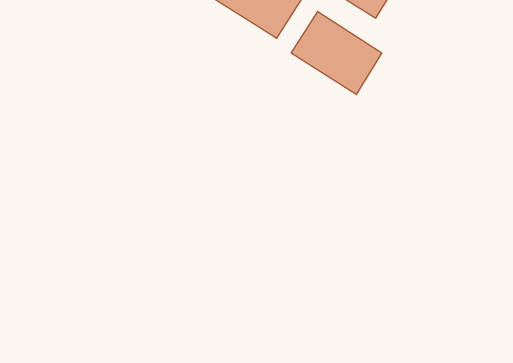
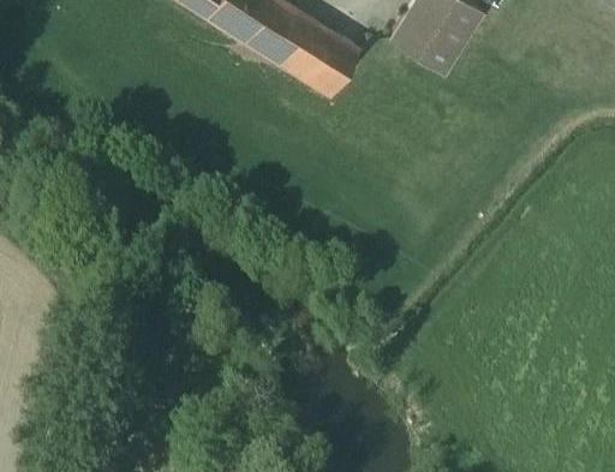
building: [291,11,382,95] -> none

